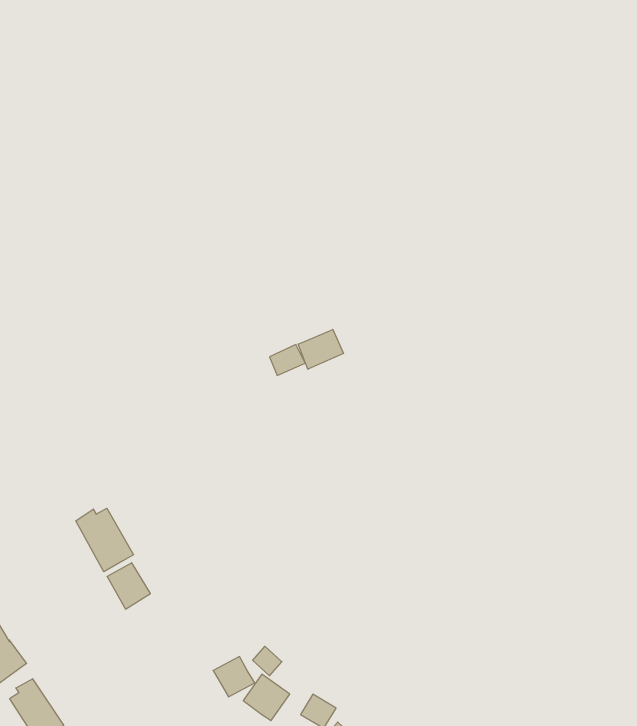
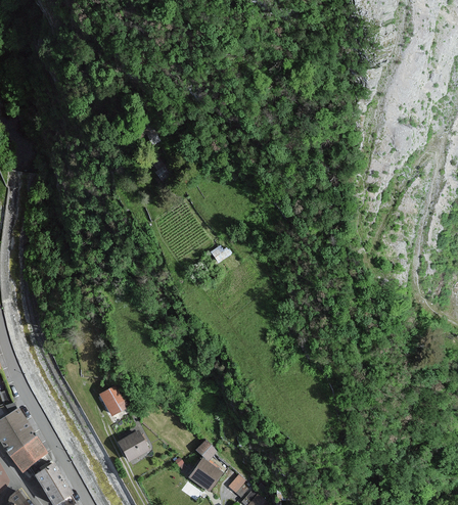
building: [298,329,344,369] -> none
building: [76,508,134,572] -> none
building: [213,657,255,697] -> [120,433,147,460]

